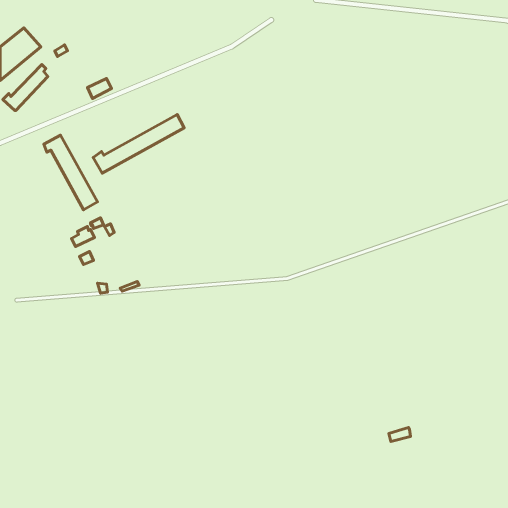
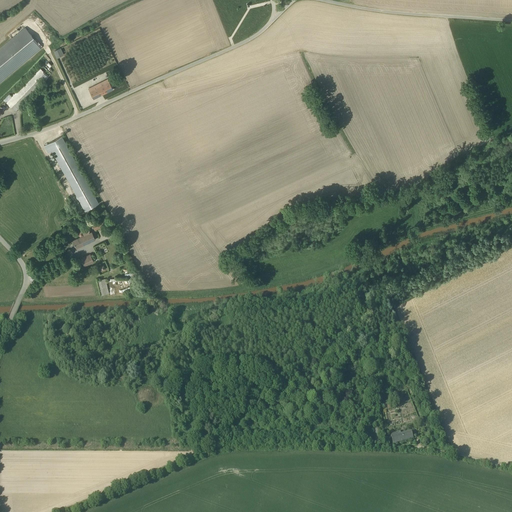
building: [93,114,184,173] -> none

